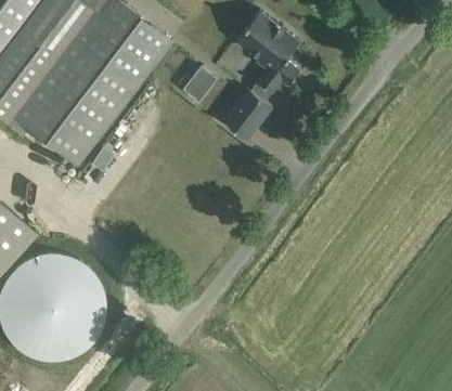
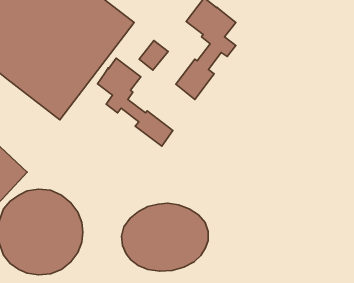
building: none -> [98,58,173,146]
building: none -> [121,203,208,271]

